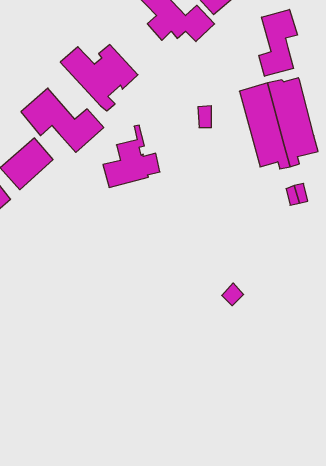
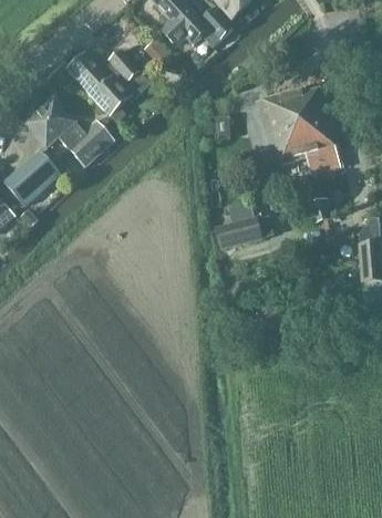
building: [259,9,297,76] -> none
building: [103,125,160,187] -> [213,185,273,251]

